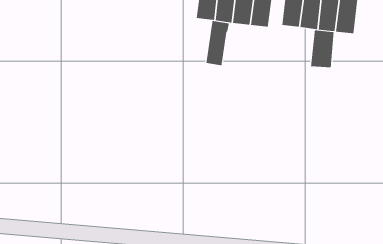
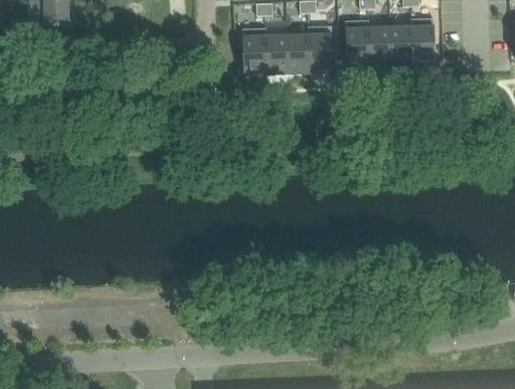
building: [206,20,229,66] -> none
building: [311,30,334,68] -> none

